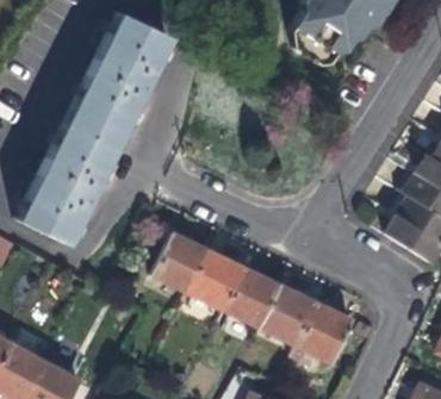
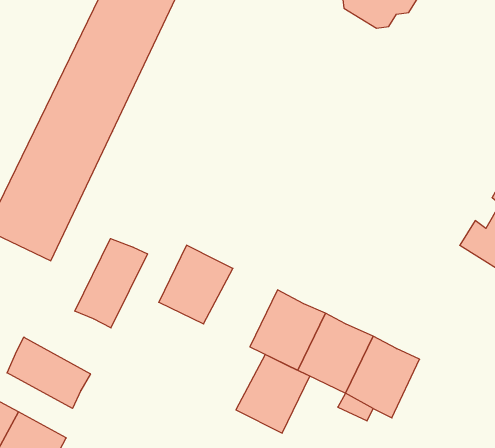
building: none -> [75,239,147,328]
building: [186,249,243,310] -> [236,354,310,433]
building: none -> [7,337,90,408]

